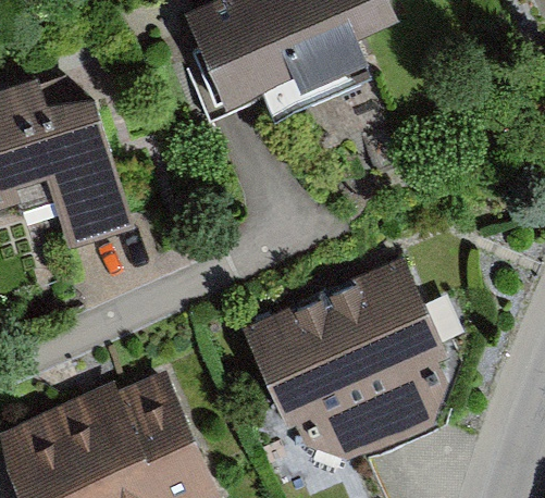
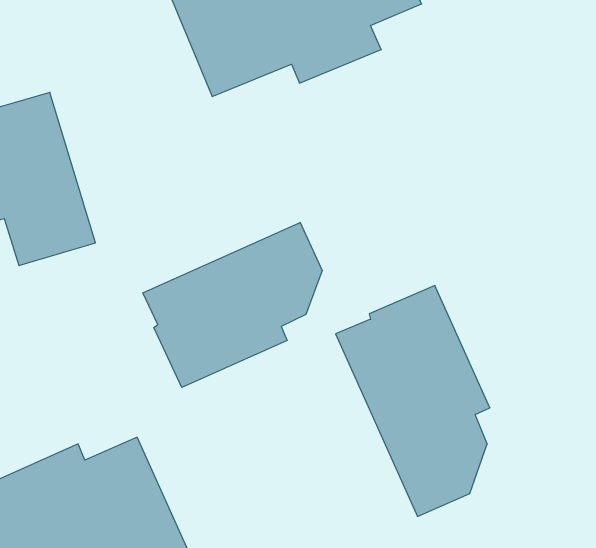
building: none -> [143,222,322,387]
building: [240,291,389,460] -> none

